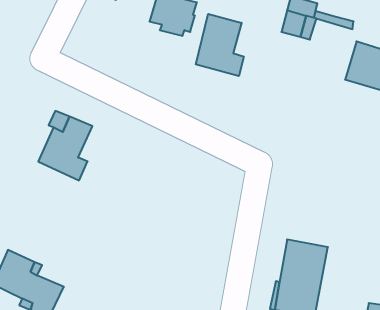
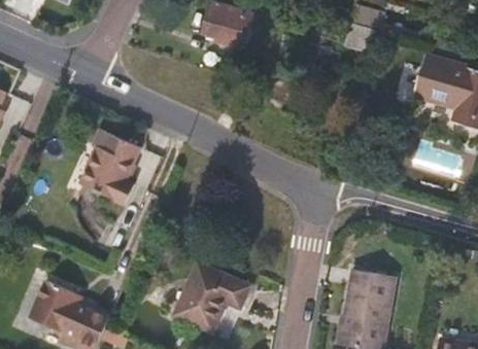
building: [196,14,244,76] -> none
building: none -> [175,264,254,335]

